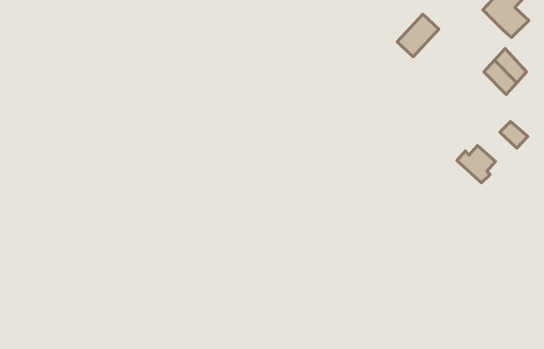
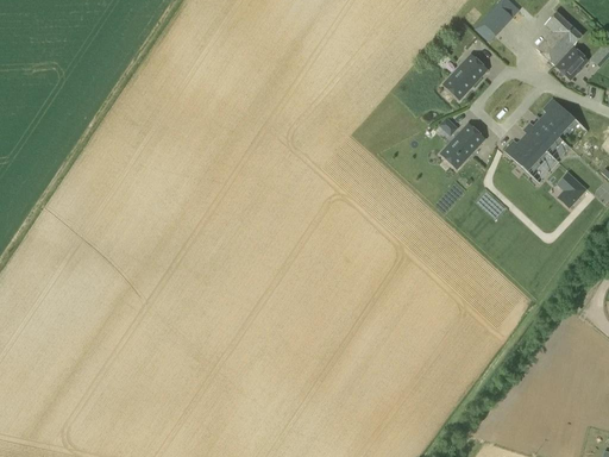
building: none -> [439,121,485,169]
building: [457,145,496,183] -> [503,132,546,174]

